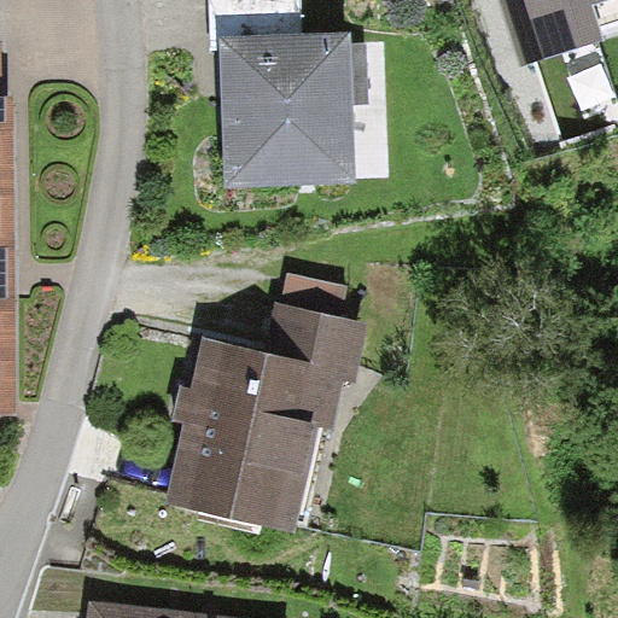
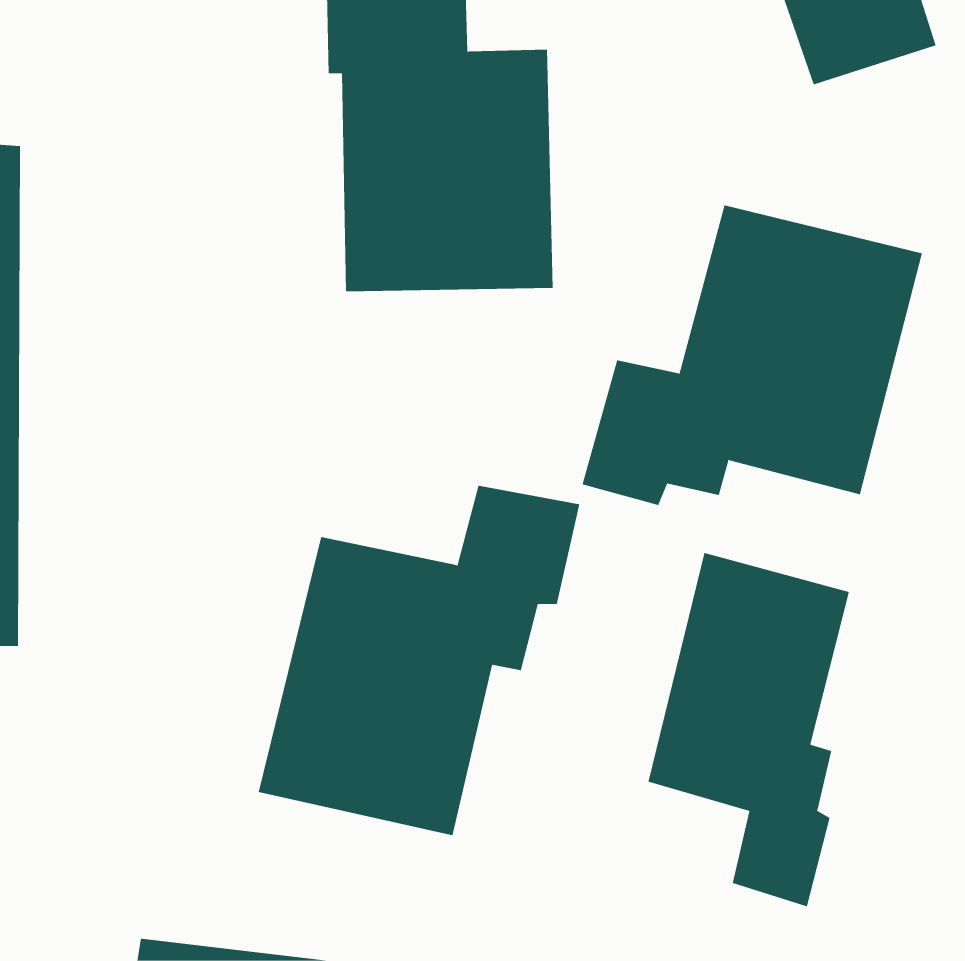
building: none -> [582,205,923,506]
building: none -> [648,552,850,907]

